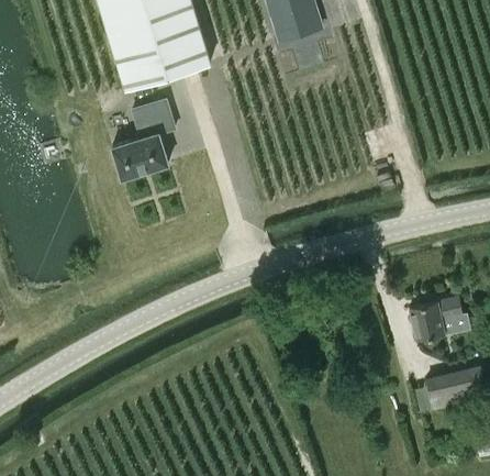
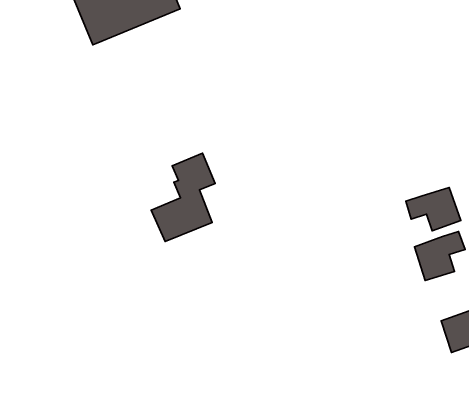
building: [112,98,175,177] -> [151,153,215,241]
building: none -> [406,188,461,231]

